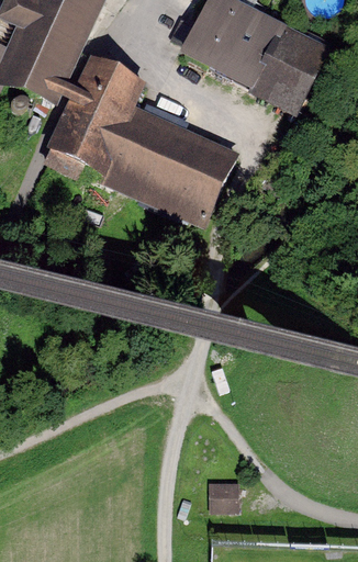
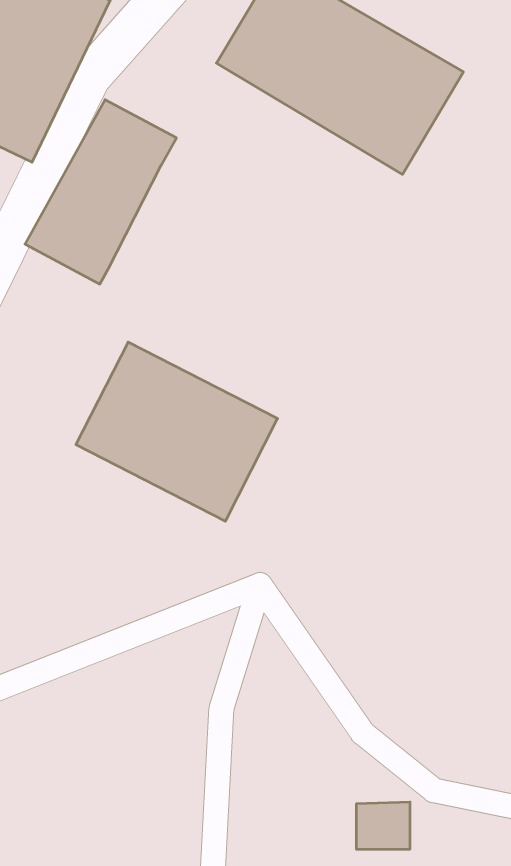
building: [101,106,228,220] -> [76,342,278,521]
building: [210,480,244,509] -> [356,802,410,849]

